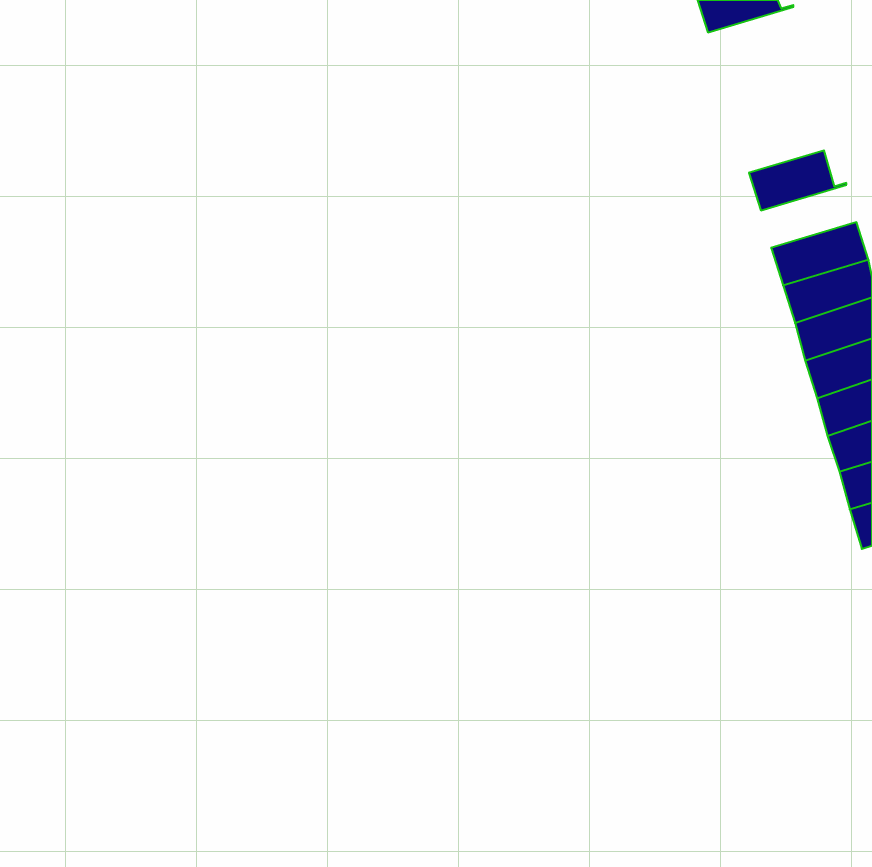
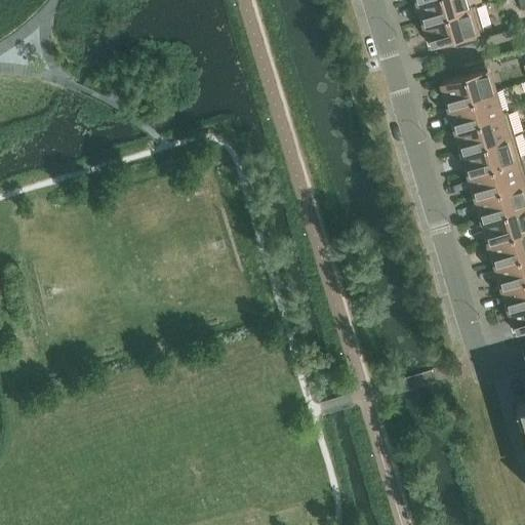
building: none -> [425,8,483,49]
building: none -> [443,63,494,108]
building: none -> [456,115,514,153]

